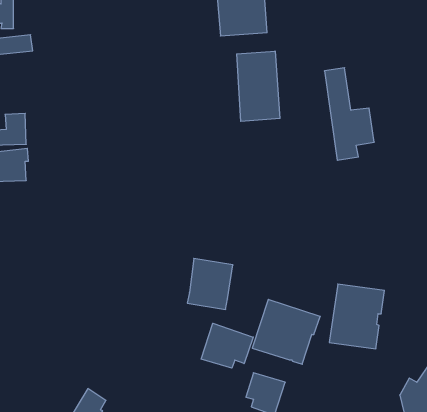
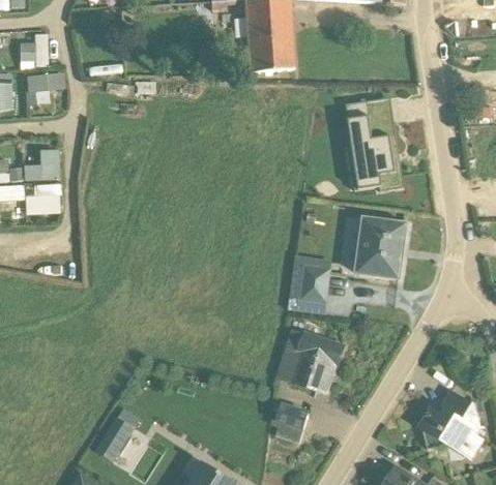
building: [237,51,280,121] -> none
building: [187,258,233,309] -> [286,263,330,312]
building: [329,284,384,349] -> [353,216,407,279]
building: [201,323,253,368] -> none

